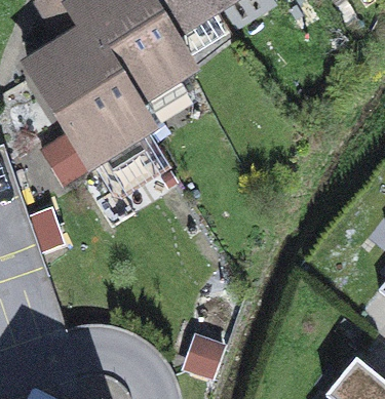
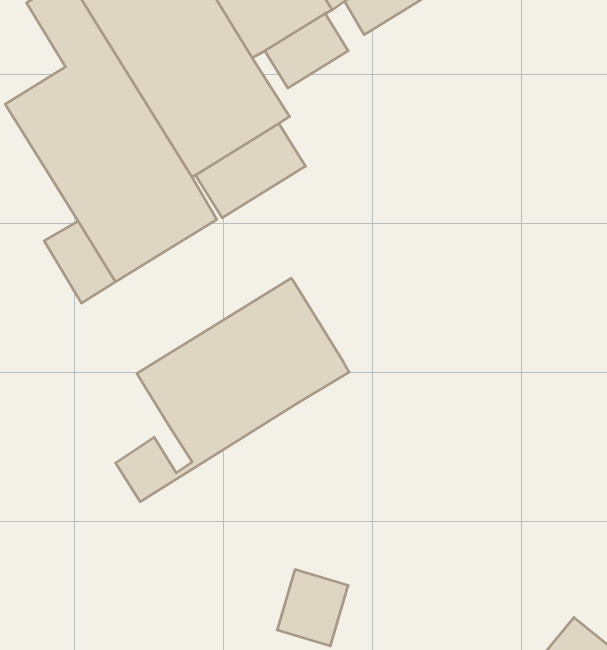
building: none -> [116,278,349,502]

